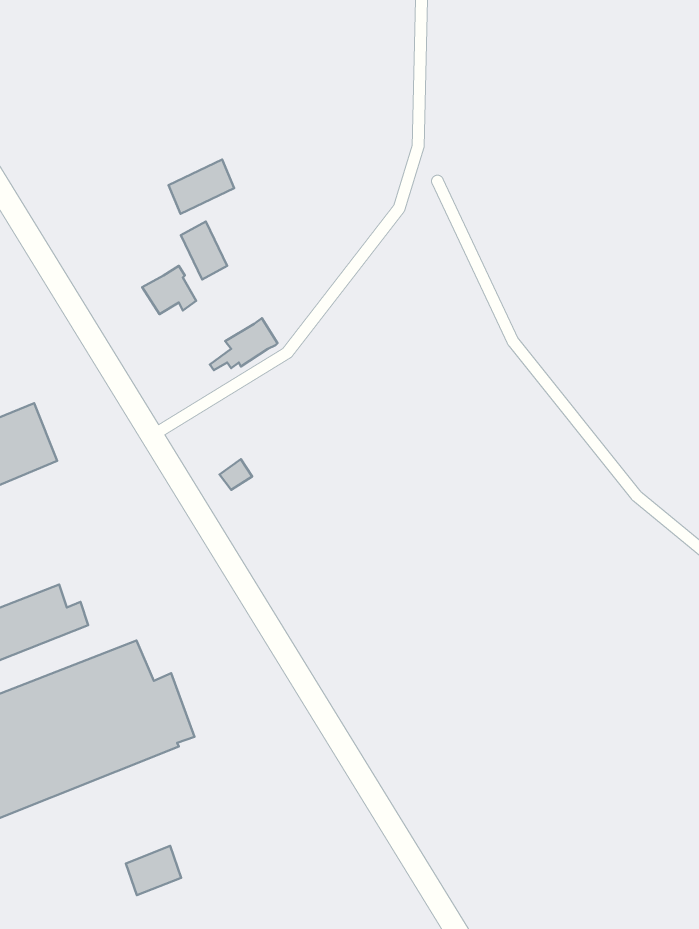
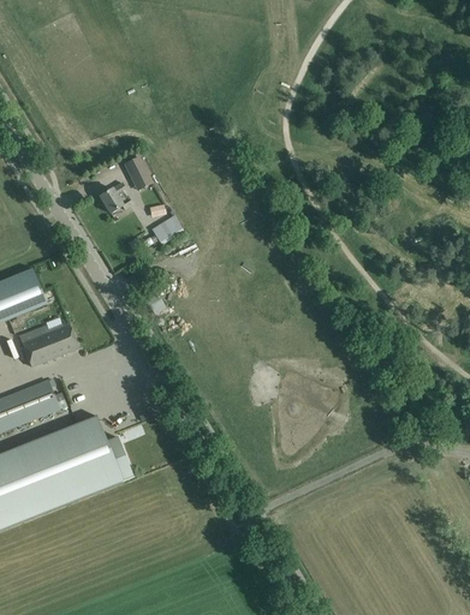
building: [169,159,234,214] -> none
building: none -> [19,323,78,365]
building: [126,846,181,895] -> none

